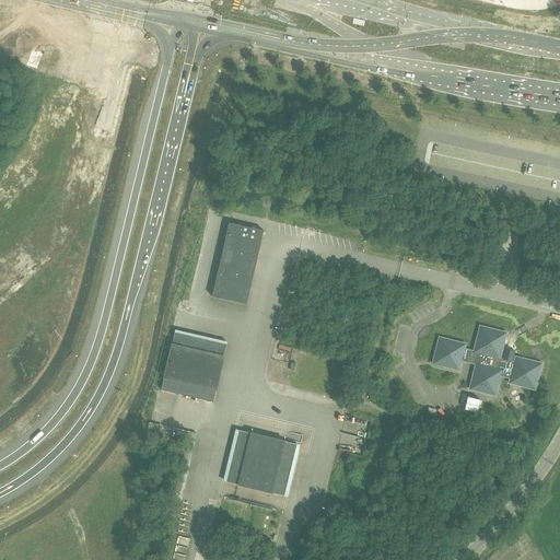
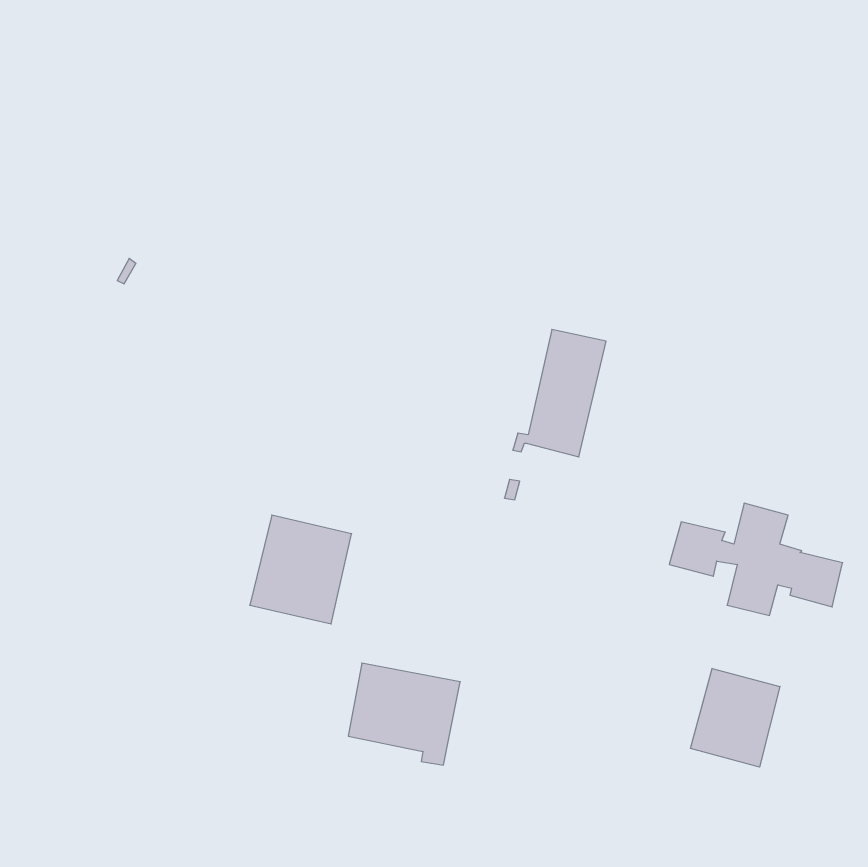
building: [203,222,264,304] -> [513,329,606,457]
building: none -> [690,668,780,767]

